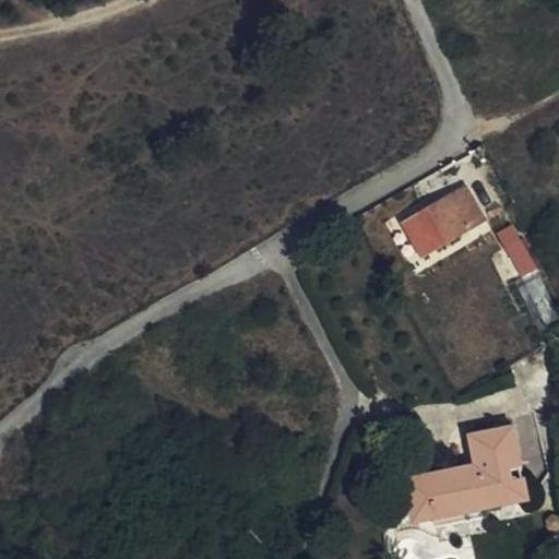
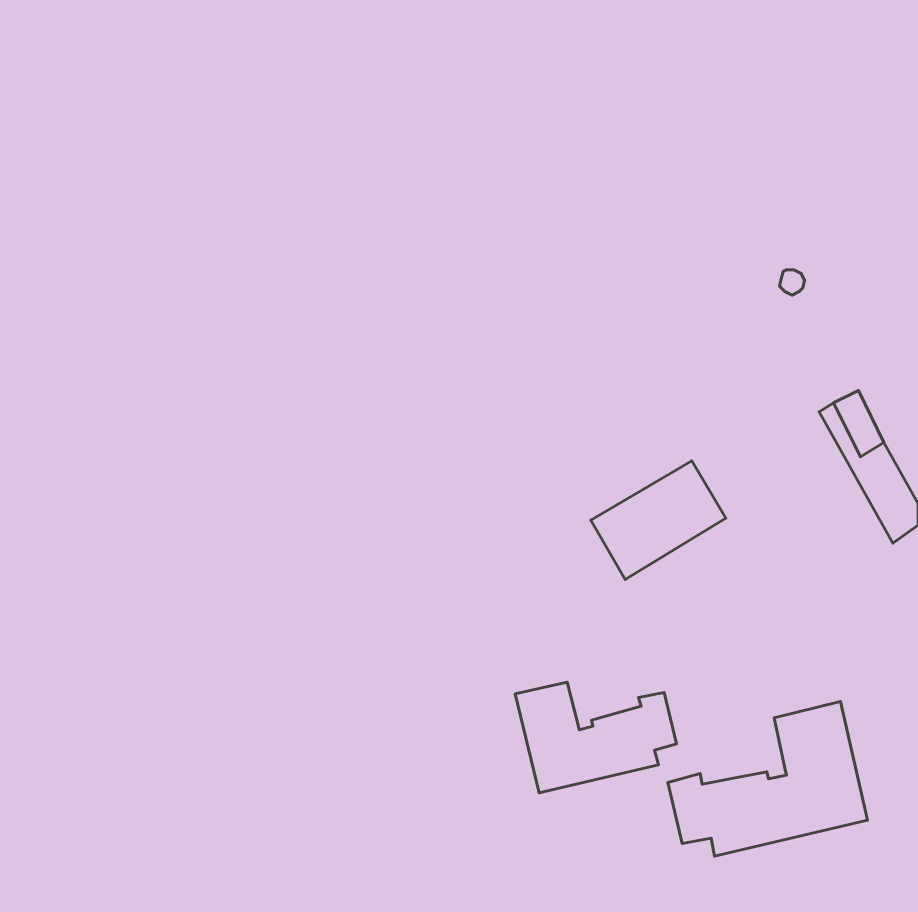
building: [403,185,485,257] -> [591,461,726,579]
building: none -> [515,682,676,793]

